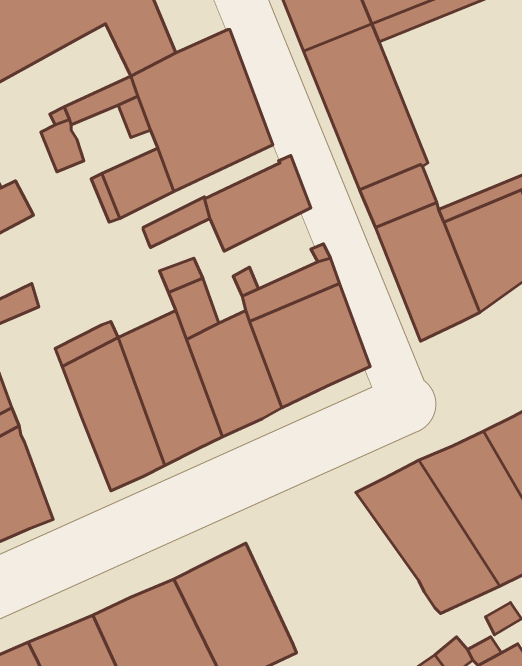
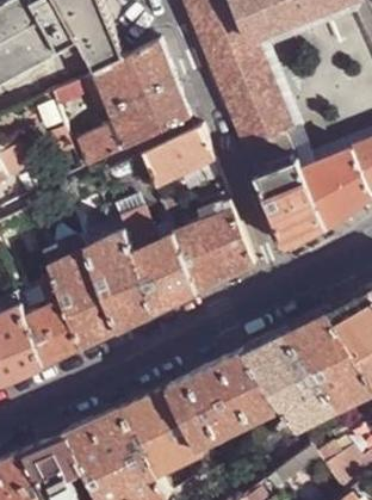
building: none -> [24,301,81,368]
building: none -> [170,350,285,450]

